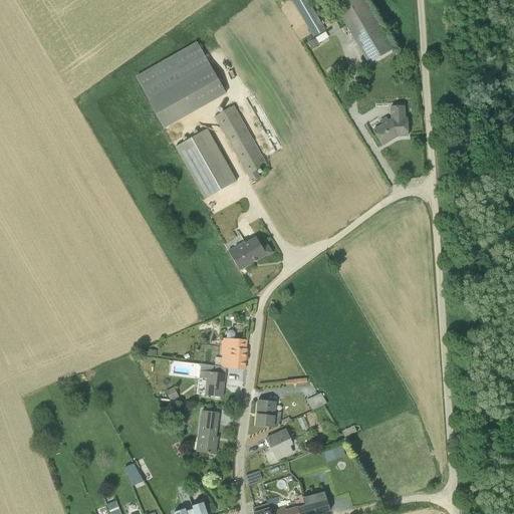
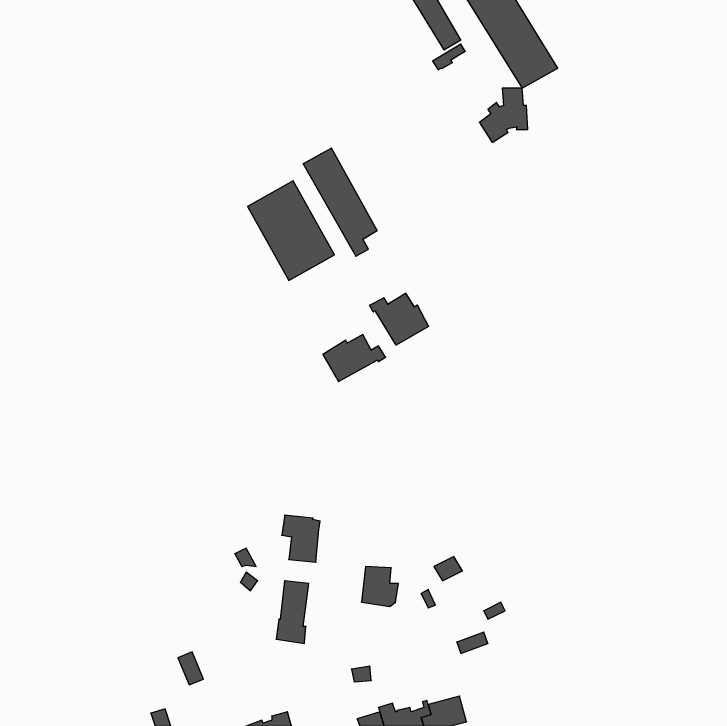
building: [136,41,226,127] -> none
building: [373,105,408,144] -> [479,88,528,142]
building: none -> [370,293,429,345]
building: [215,337,247,368] -> none
building: [264,428,293,461] -> none

